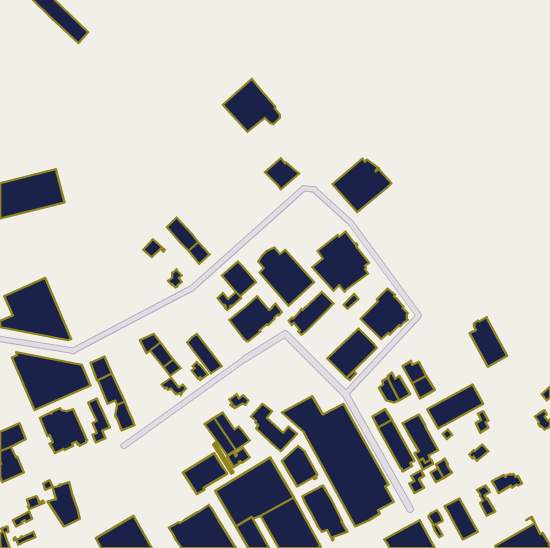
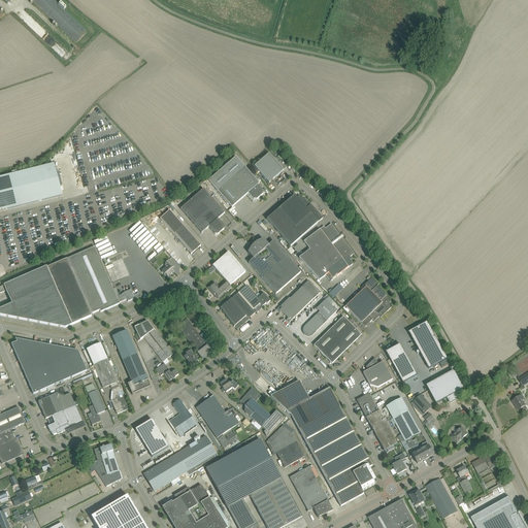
building: [223,79,280,132] -> [208,155,263,205]
building: [332,158,392,212] -> [266,193,323,244]
building: none -> [180,188,225,233]
building: none -> [43,245,135,325]
building: none -> [303,298,337,335]
building: [469,317,507,367] -> [410,320,447,367]
building: none -> [112,329,151,393]
building: none -> [170,398,197,435]
building: none -> [135,418,168,456]
building: none -> [143,453,187,490]
building: [48,482,80,526] -> [91,442,122,485]

